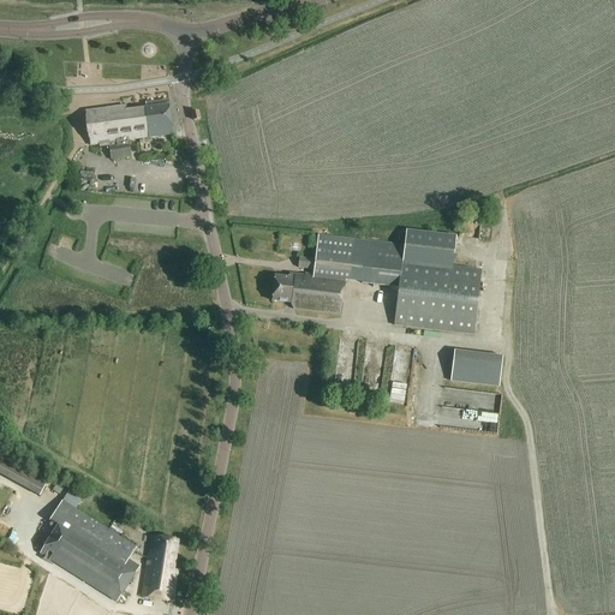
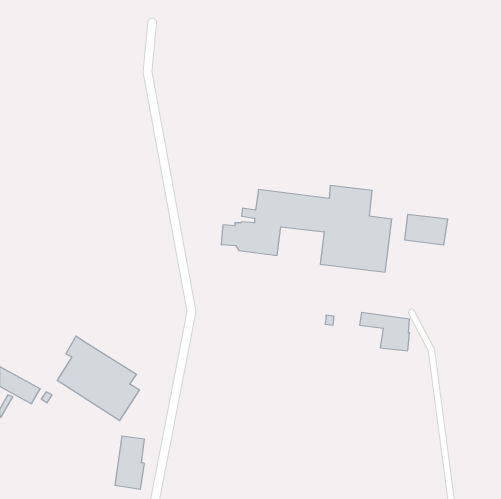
building: [85,102,172,155] -> none
building: [449,347,502,384] -> [405,214,448,245]
building: [38,497,139,601] -> [57,336,140,421]

